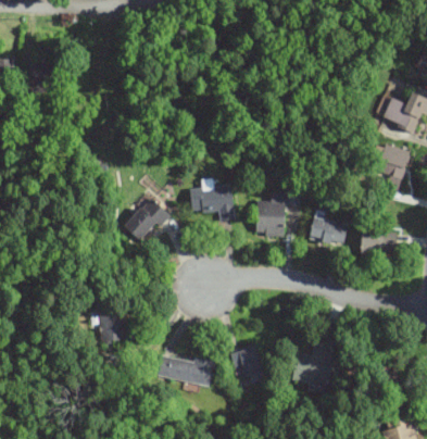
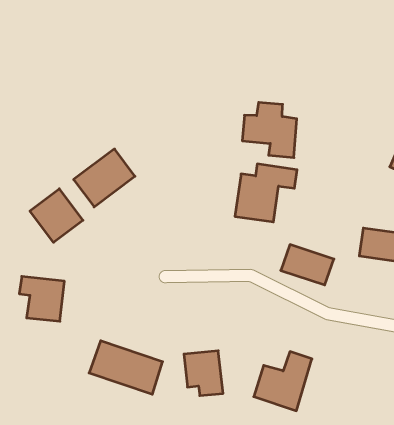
building: [191,179,236,222] -> [242,102,297,158]
building: [309,218,350,247] -> [281,245,334,285]
building: none -> [30,189,83,242]

